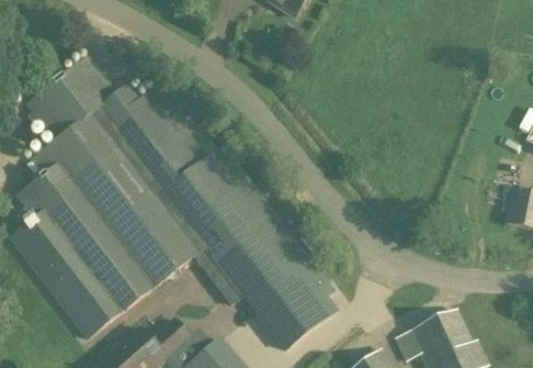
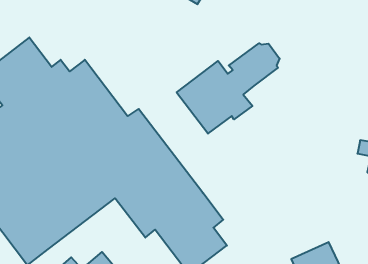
building: none -> [177,43,280,134]

